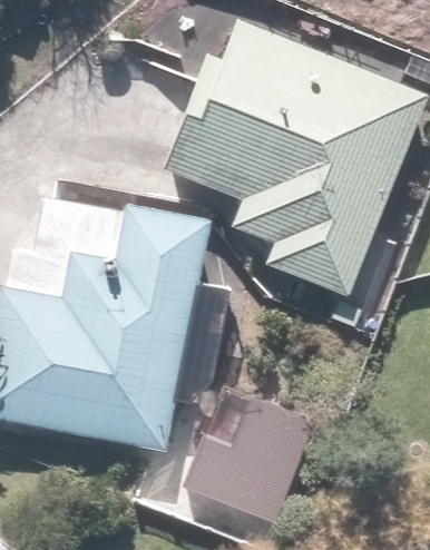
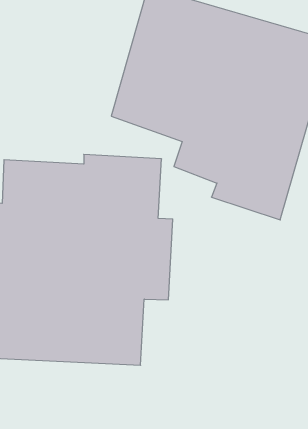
building: [180,384,314,523] -> none

